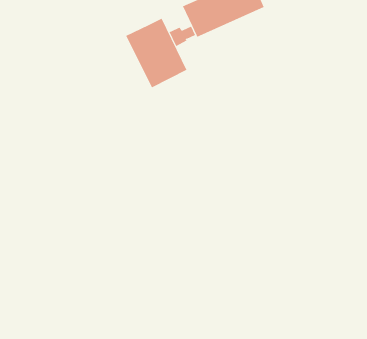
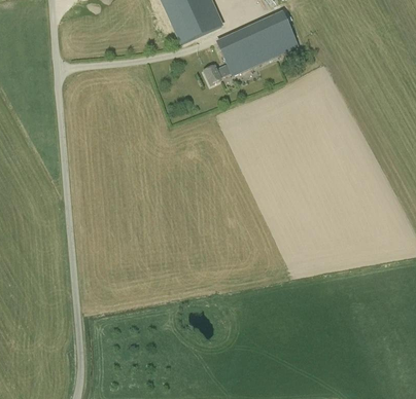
building: [125,18,187,88] -> none

